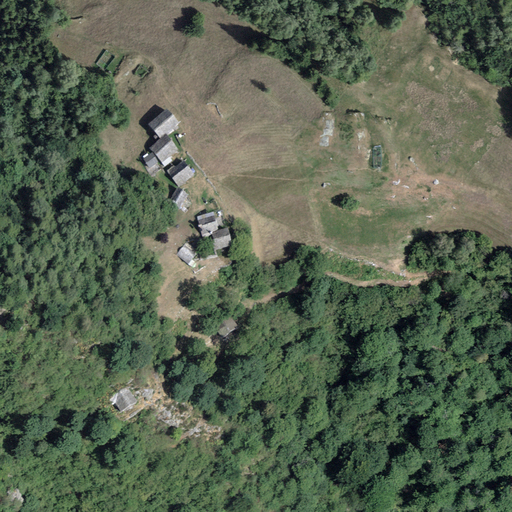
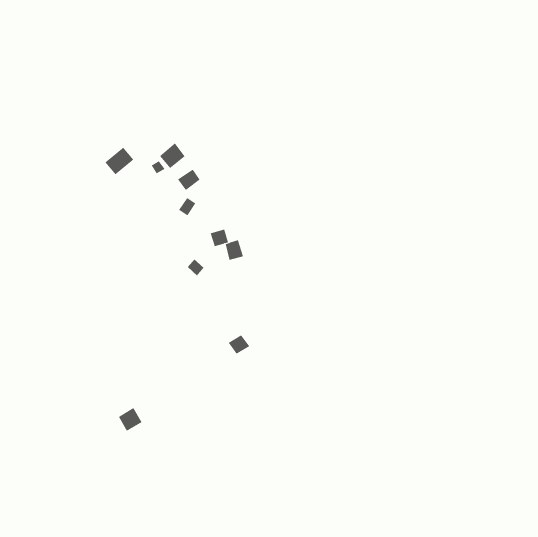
building: [148,109,176,136] -> [104,147,134,175]

